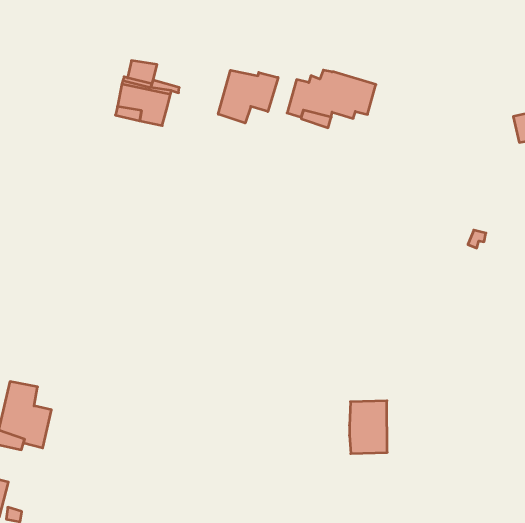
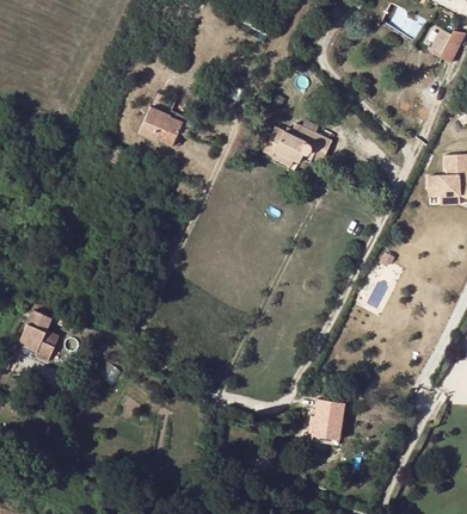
building: [218,70,278,123] -> none
building: [349,401,387,454] -> [312,398,344,439]

